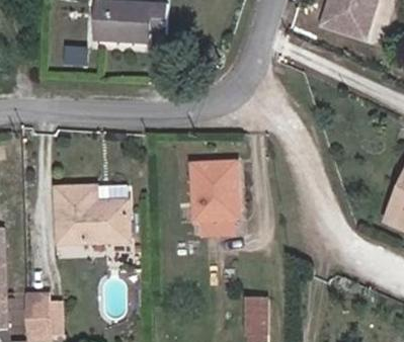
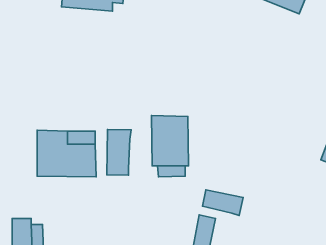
building: none -> [107,130,131,175]
building: none -> [202,190,243,216]

